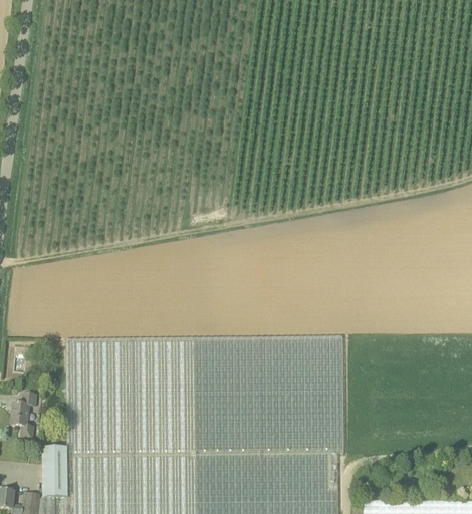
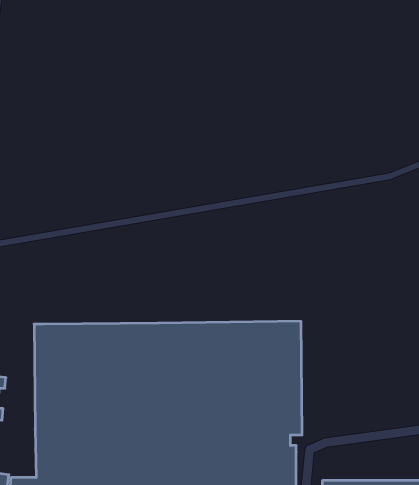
building: [42,446,69,496] -> none

